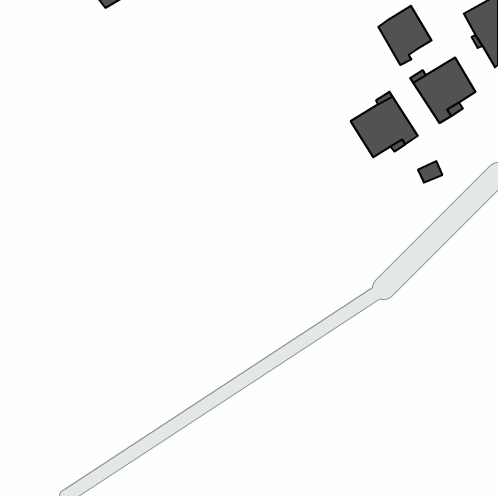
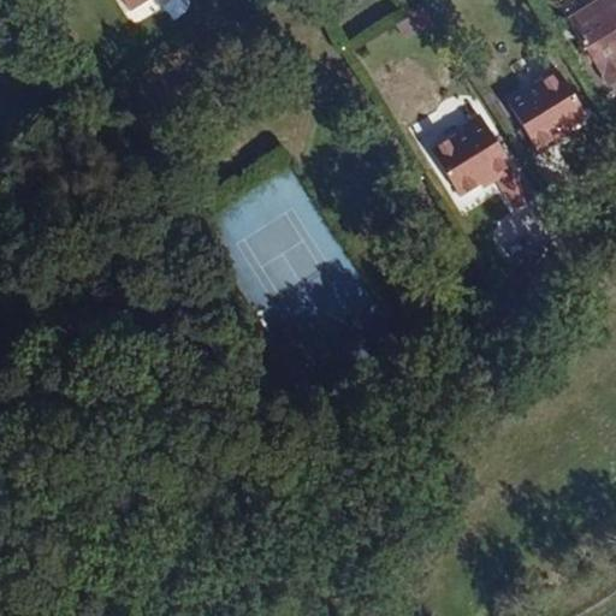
building: [378,6,432,65] -> none

